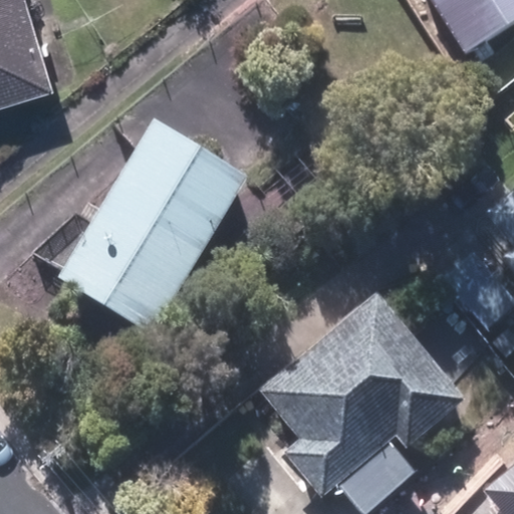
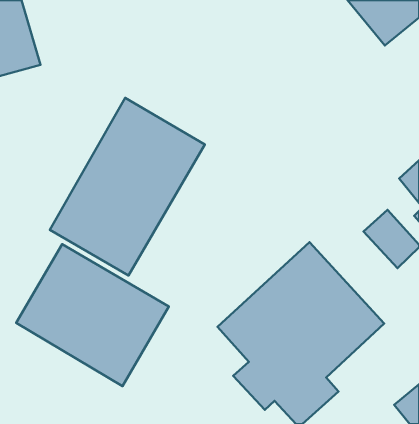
building: none -> [16,244,169,386]

